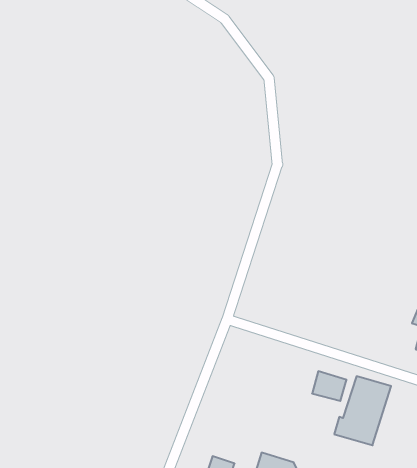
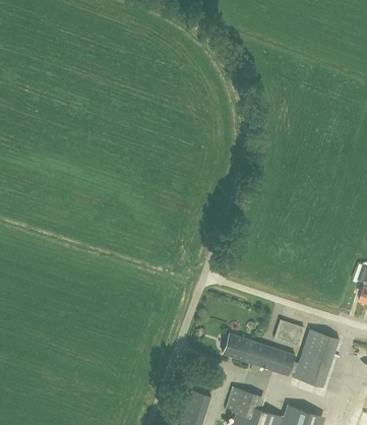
building: none -> [223,333,295,375]

